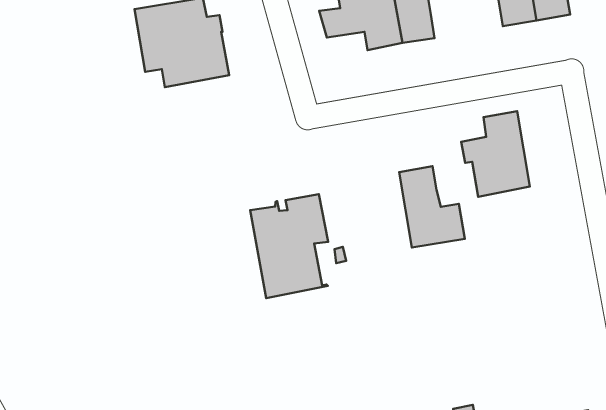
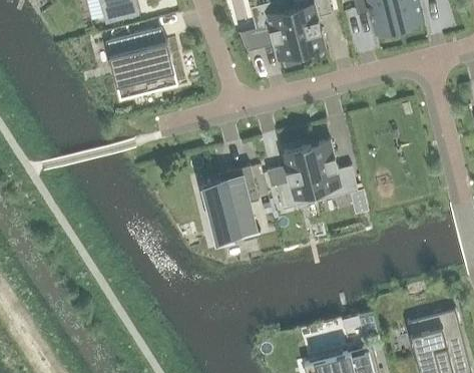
building: [461,111,530,197] -> [268,146,320,211]

